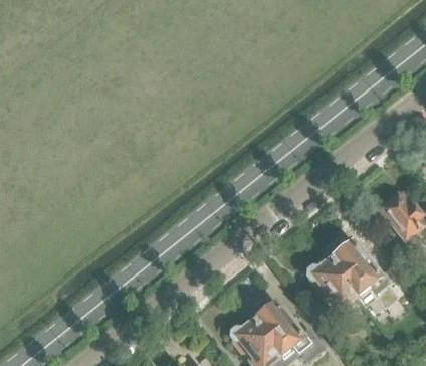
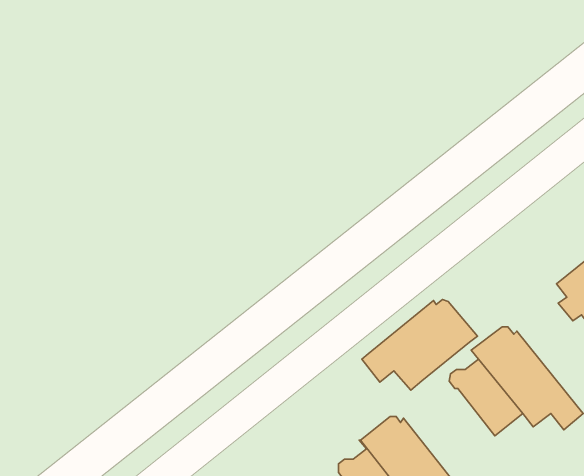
building: none -> [362,299,478,390]

